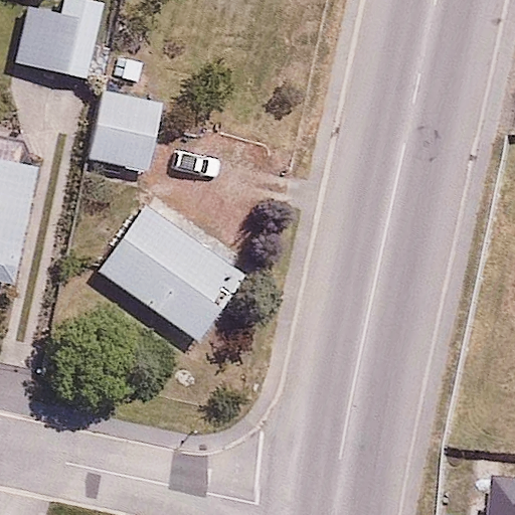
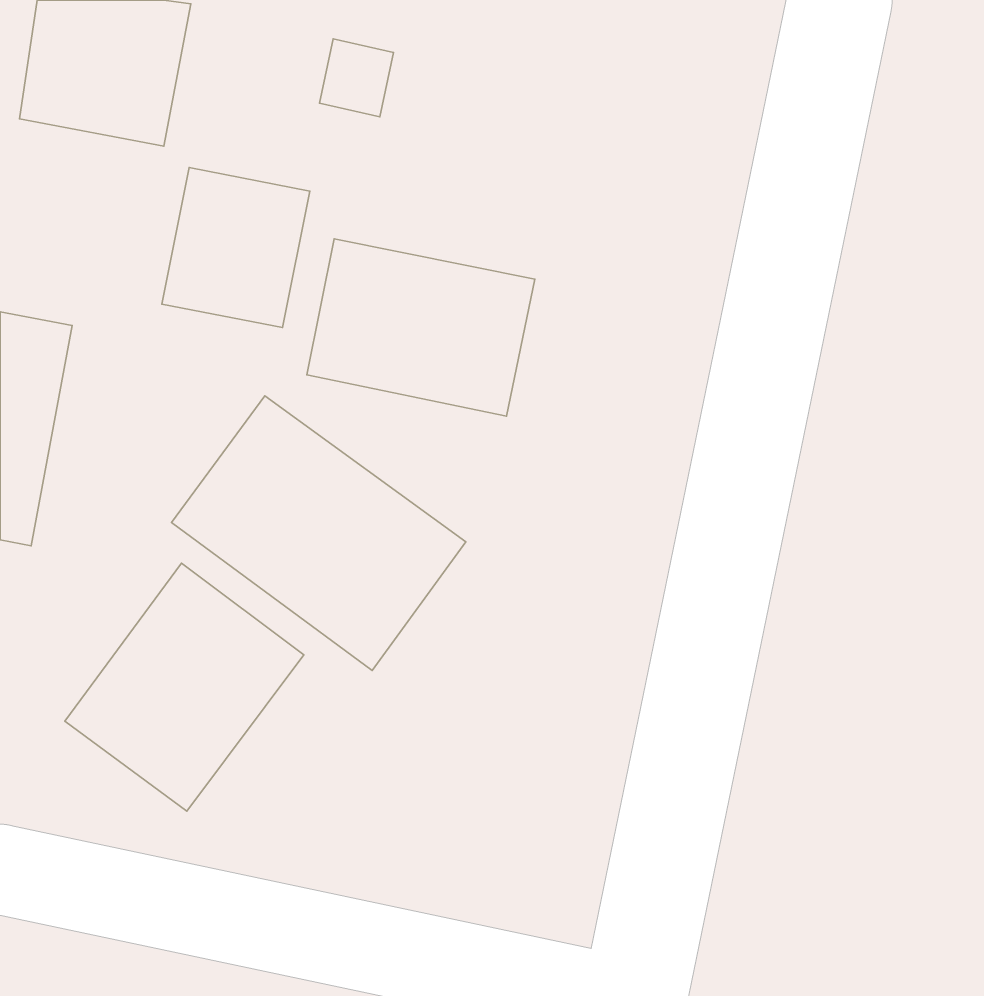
building: none -> [307,239,535,416]
building: none -> [65,563,304,811]

